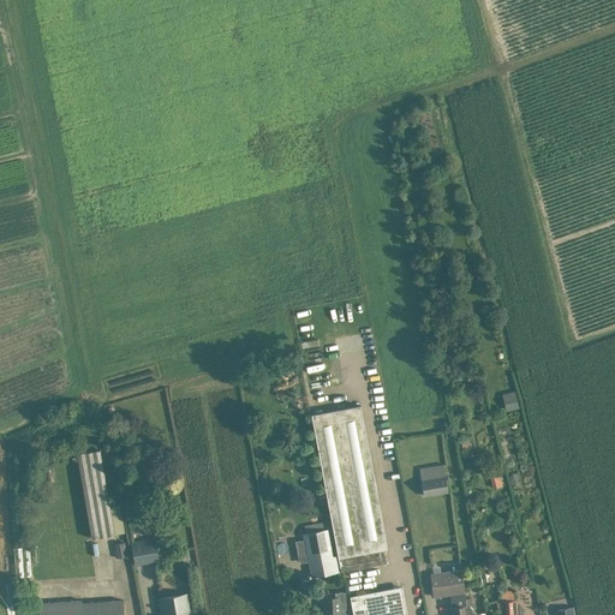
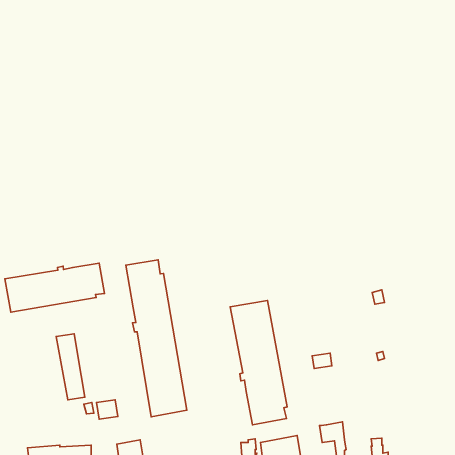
building: none -> [126,260,187,417]
building: none -> [5,263,104,312]
building: [294,530,335,578] -> none

